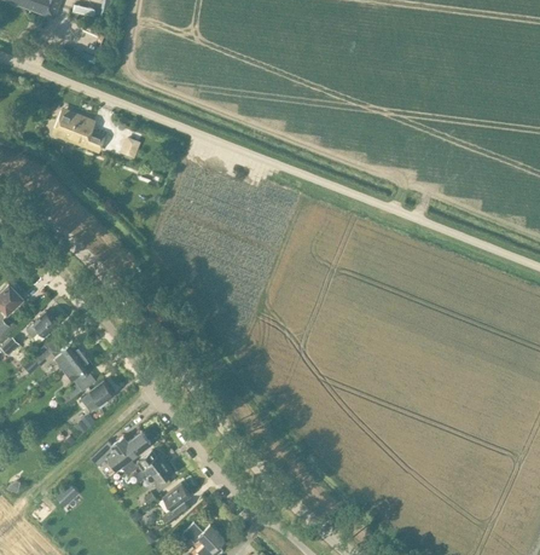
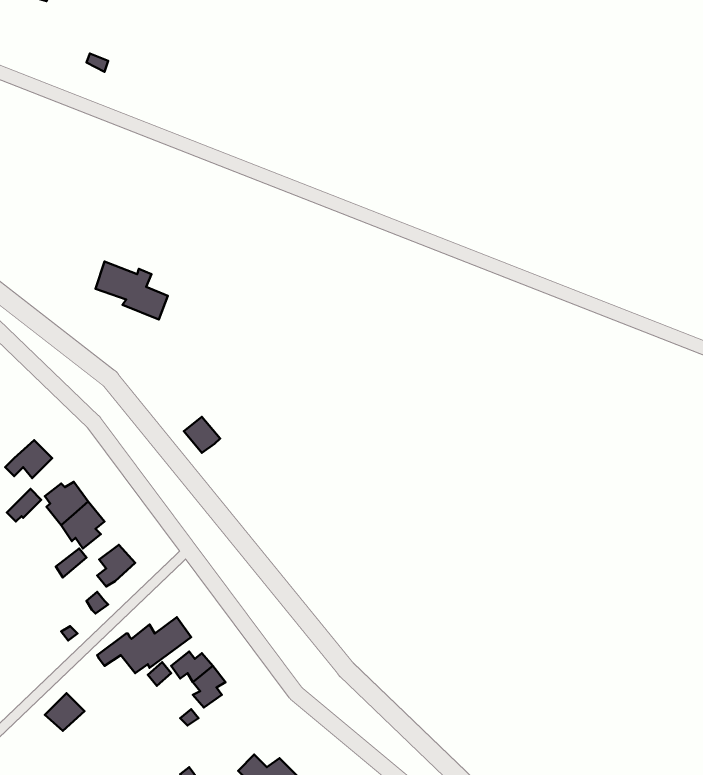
building: [54,114,103,152] -> [96,262,168,319]
building: [161,486,190,526] -> none

